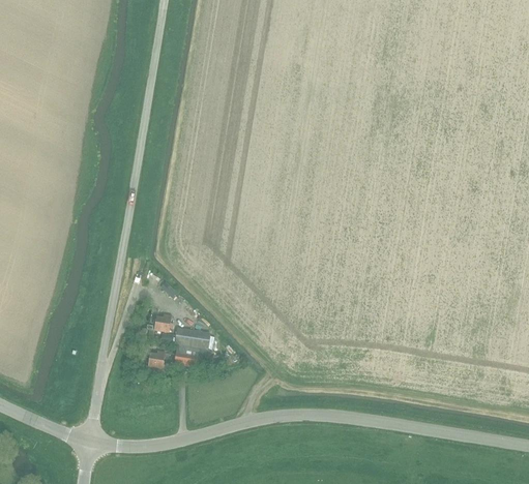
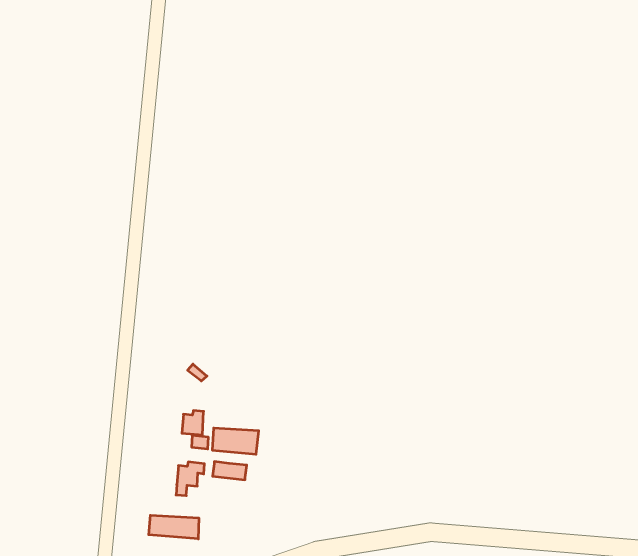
building: none -> [149,515,199,539]

